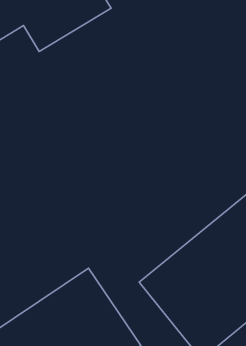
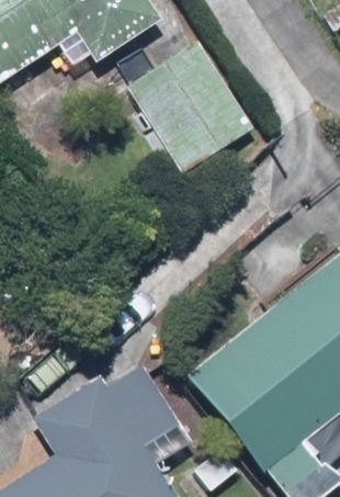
building: none -> [117,45,256,187]

